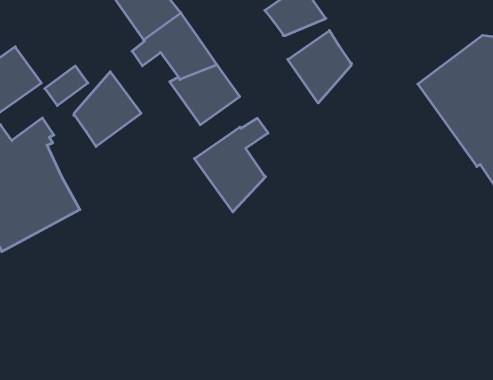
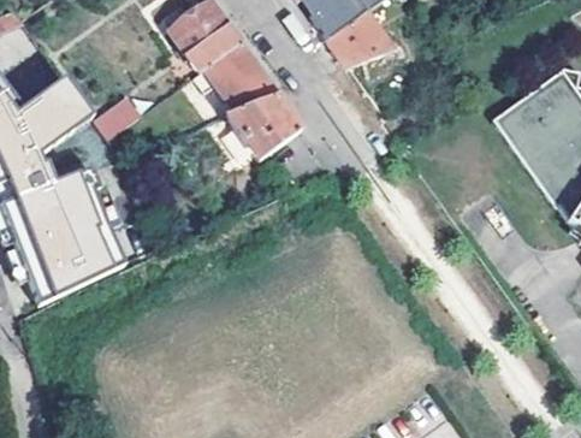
building: [288,30,351,103] -> none
building: [74,72,141,147] -> none
building: [194,118,268,212] -> none

